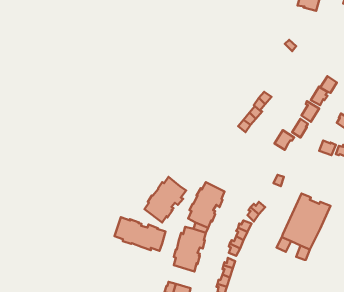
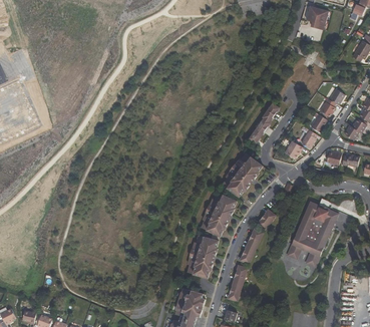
building: [145,177,186,223] -> [222,151,262,196]
building: [114,217,166,251] -> none

